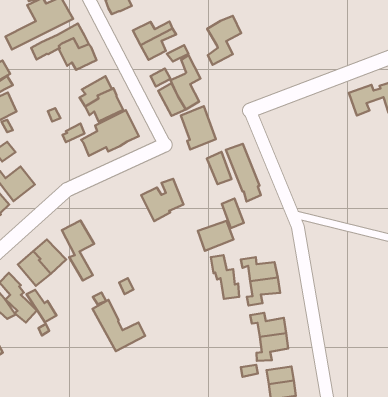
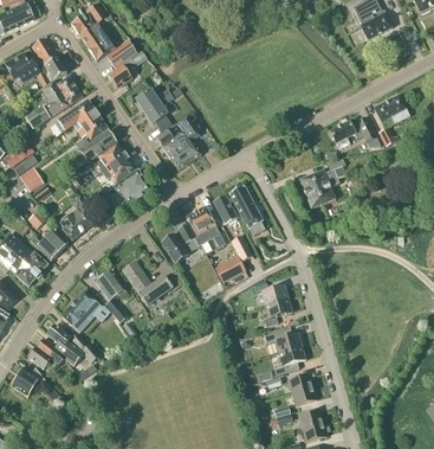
building: [207,16,241,65] -> none
building: none -> [76,130,117,161]
building: [181,106,216,149] -> [187,206,220,245]
building: none -> [299,158,346,209]
building: none -> [60,195,99,240]
building: [211,255,239,299] -> none
building: [93,300,145,351] -> [123,261,171,304]

